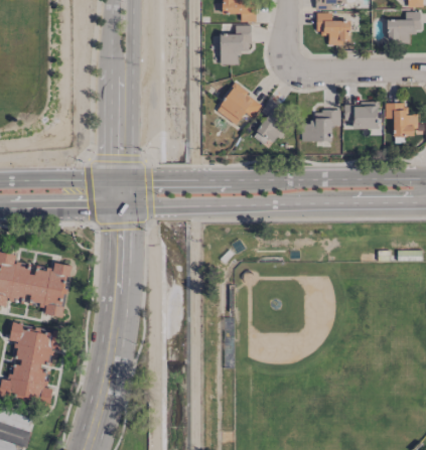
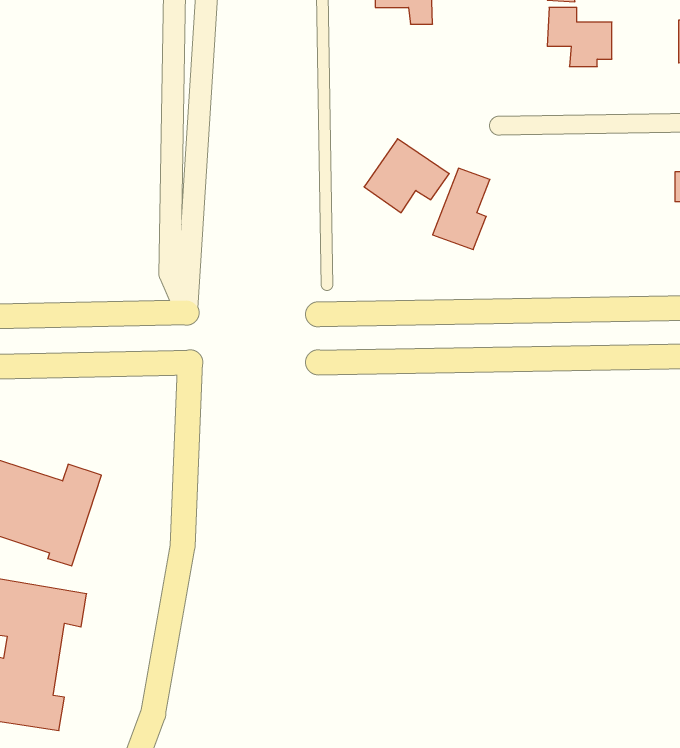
building: [221,25,252,64] -> none
building: [344,103,380,130] -> none
building: [302,110,340,142] -> none

